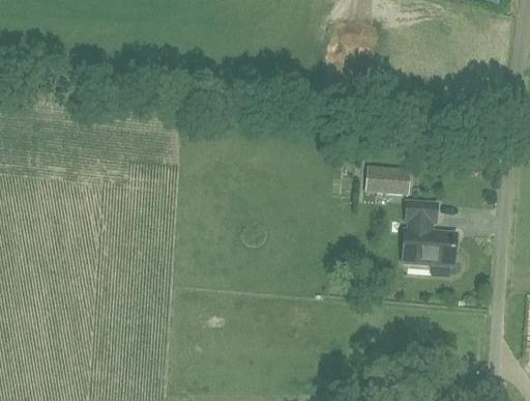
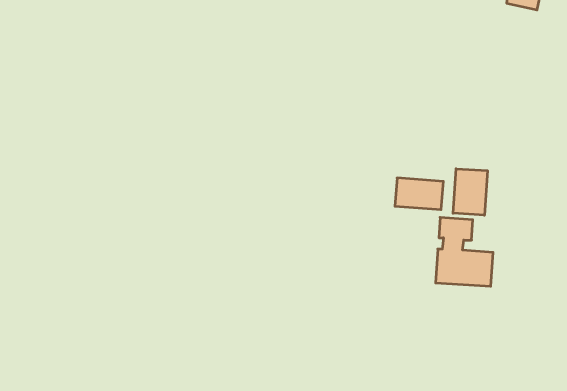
building: none -> [453,169,487,215]

